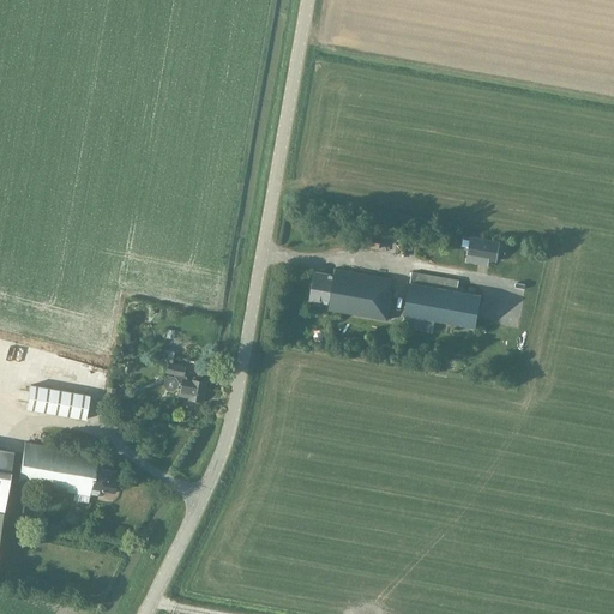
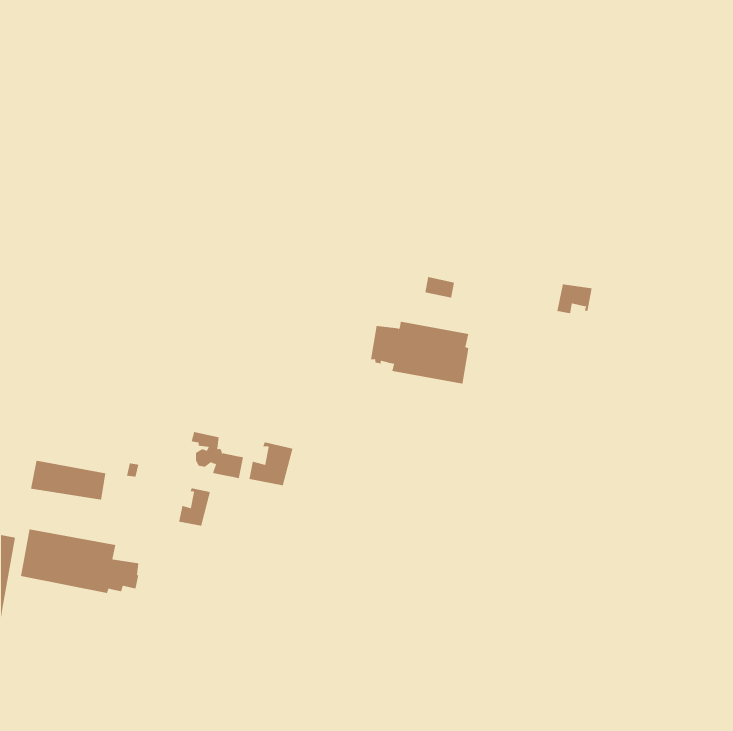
building: [403,272,481,330] -> none
building: none -> [249,442,293,486]
building: none -> [179,487,210,527]

